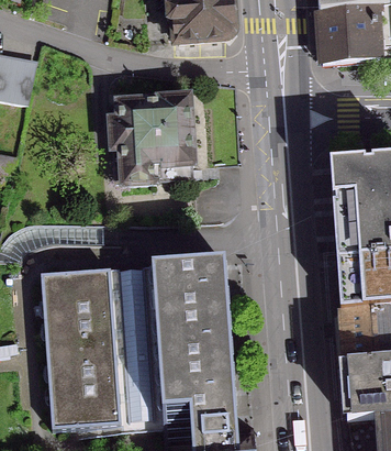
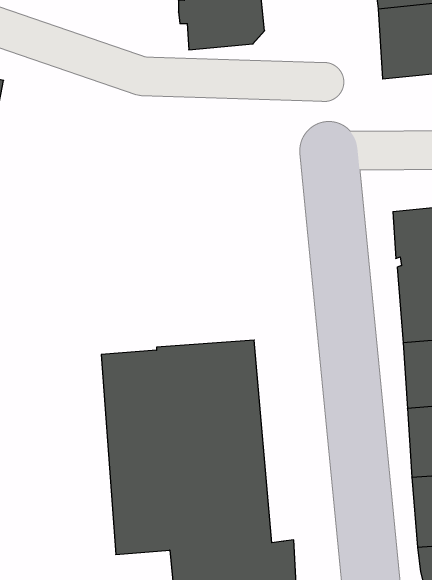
building: [110,92,194,184] -> none
building: [41,268,121,428] -> none

